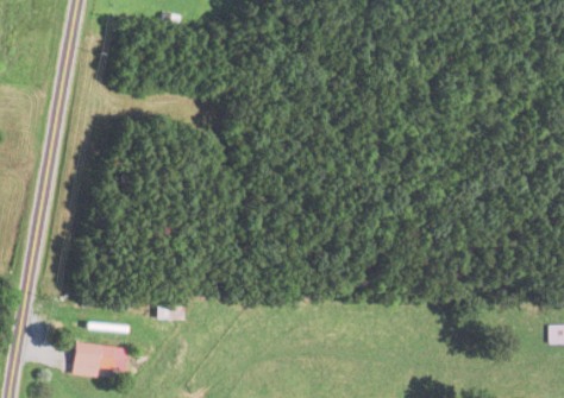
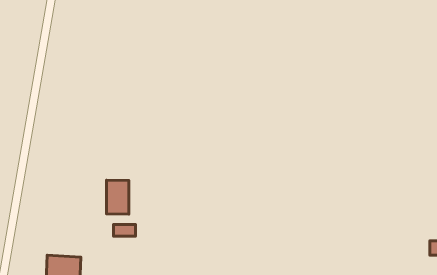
building: none -> [107,180,129,214]

